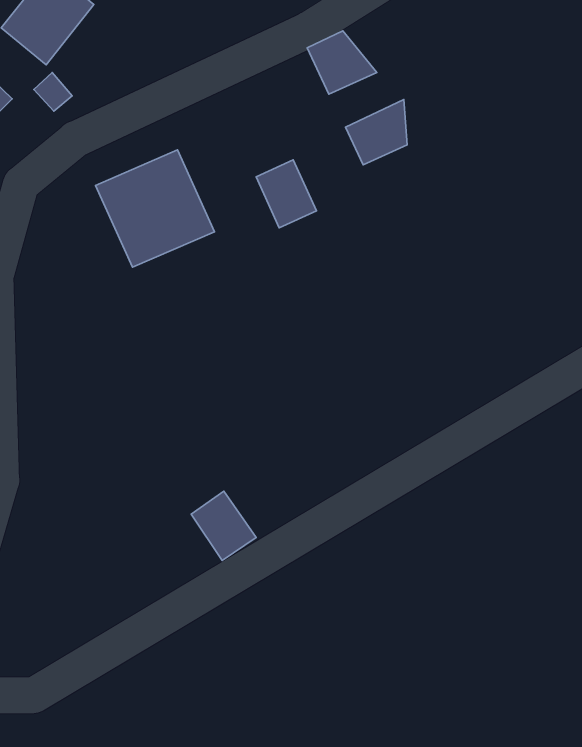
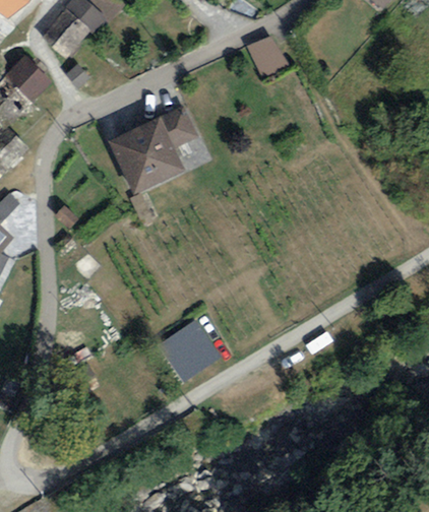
building: [346,99,407,165] -> none
building: [256,160,316,228] -> [161,103,200,147]

